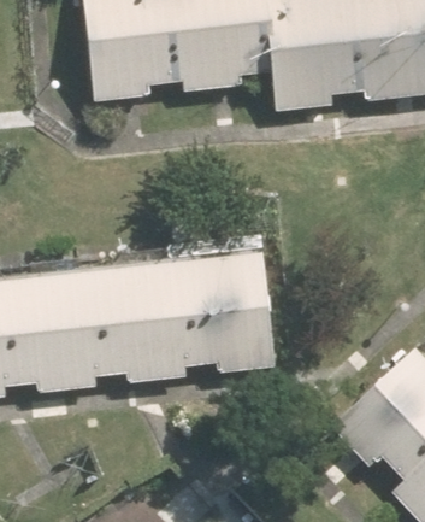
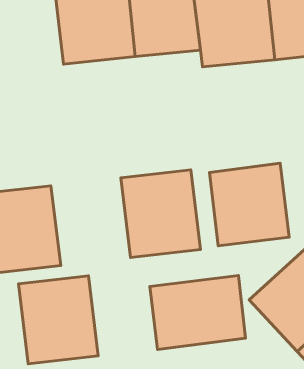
building: none -> [210,163,289,246]
building: [70,258,178,377] -> [18,276,98,364]
building: none -> [150,276,245,349]

